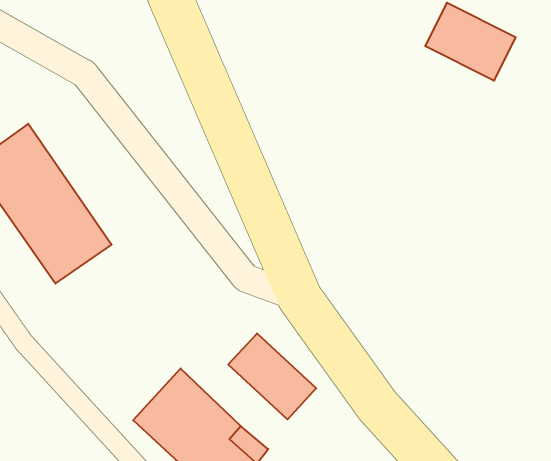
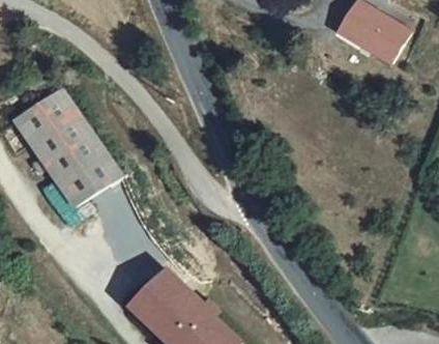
building: [228,333,316,419] -> none

